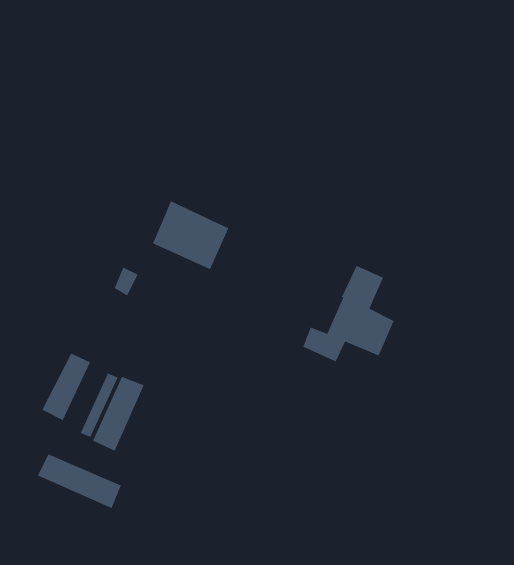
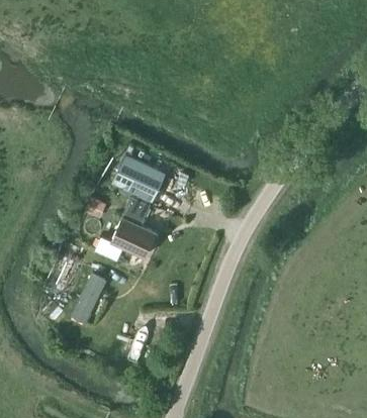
building: [302,265,395,362] -> [96,198,157,262]
building: [37,453,122,509] -> none

